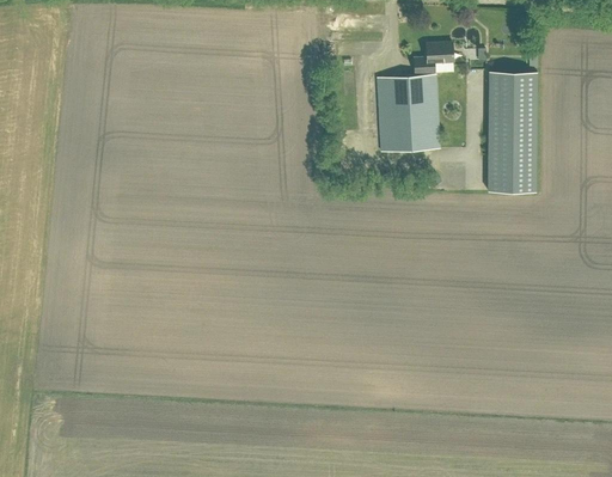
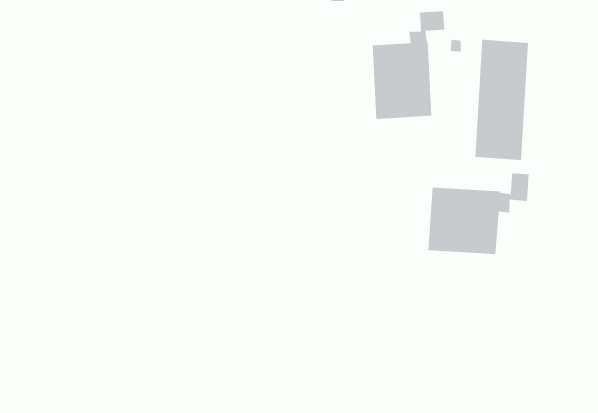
building: none -> [428,172,529,255]

